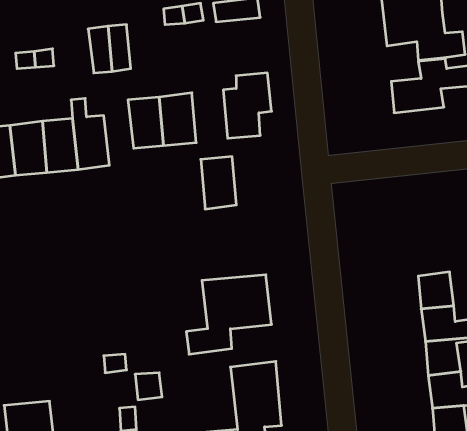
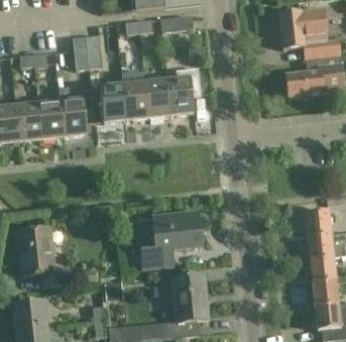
building: [201,157,236,209] -> [145,80,170,117]
building: none -> [16,227,69,286]

